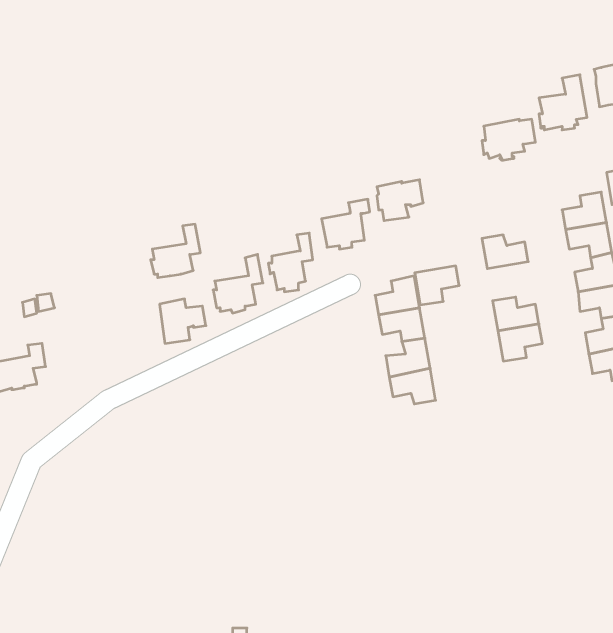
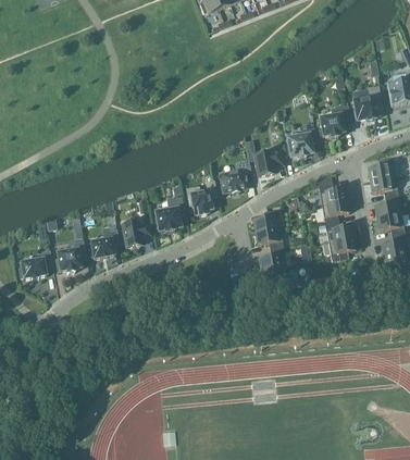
building: none -> [287,125,316,156]
building: [151,224,200,278] -> [89,224,120,257]
building: [415,266,459,305] -> [322,198,349,222]
building: none -> [55,239,86,271]

